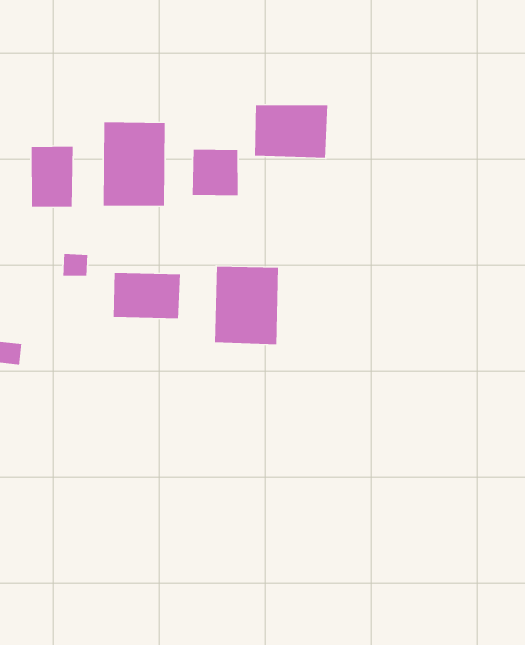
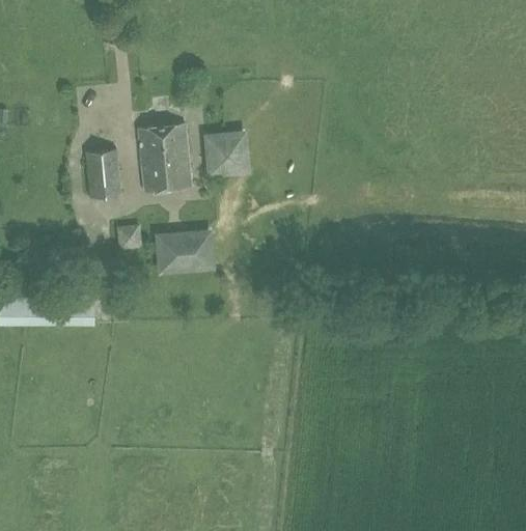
building: [254,104,328,159] -> none
building: [214,266,279,345] -> none

